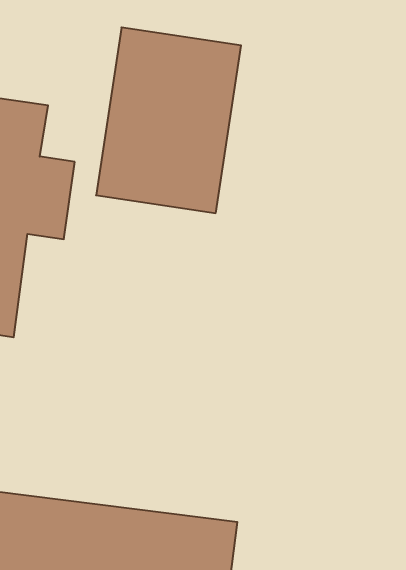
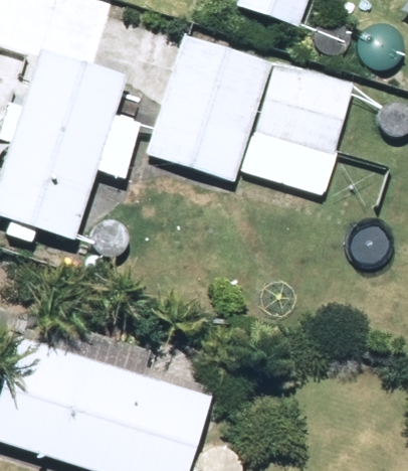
building: none -> [257,61,353,152]

